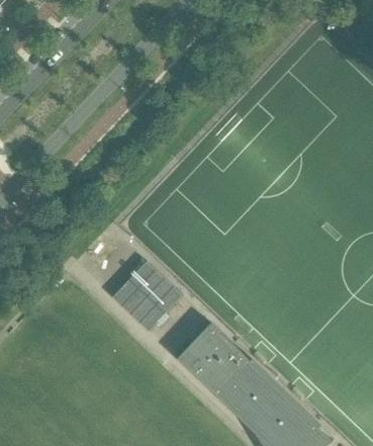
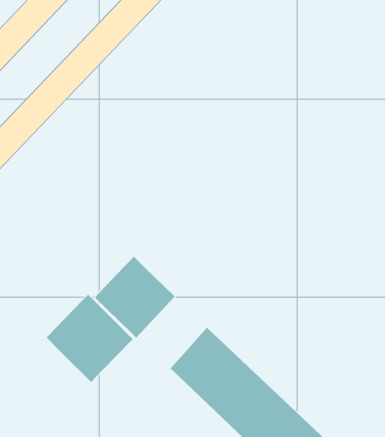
building: none -> [46,294,133,383]

